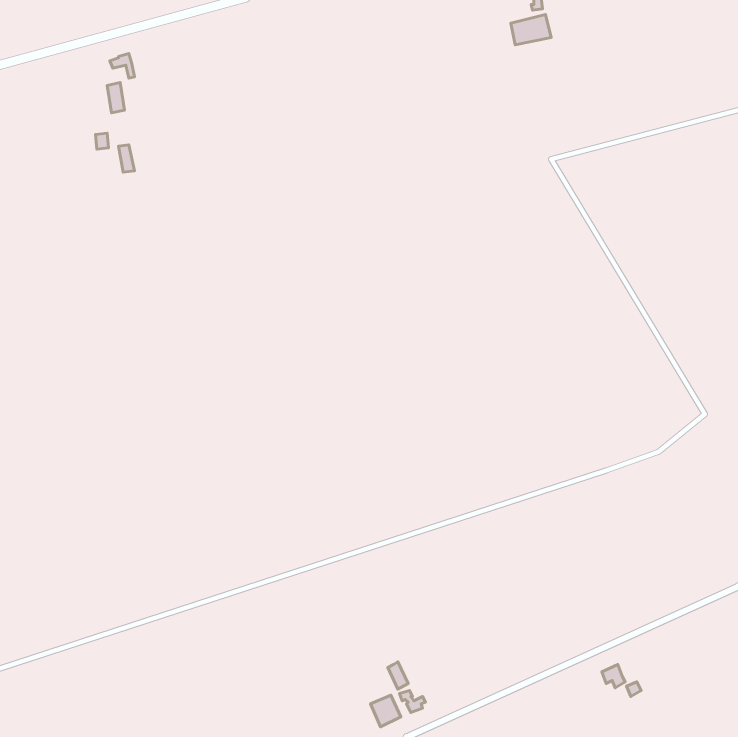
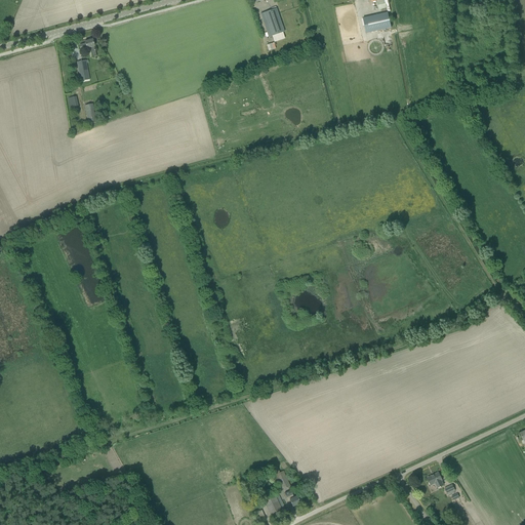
building: none -> [259,7,283,36]

